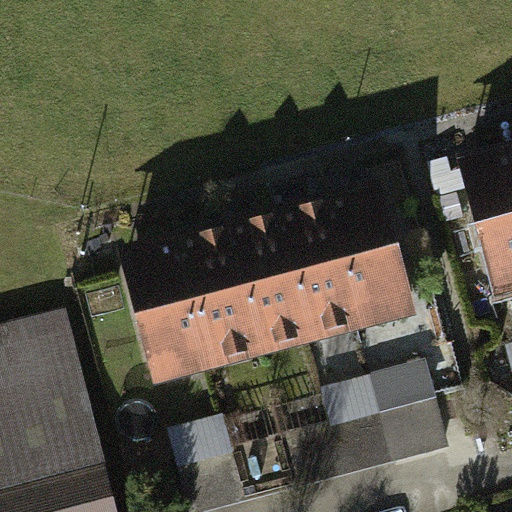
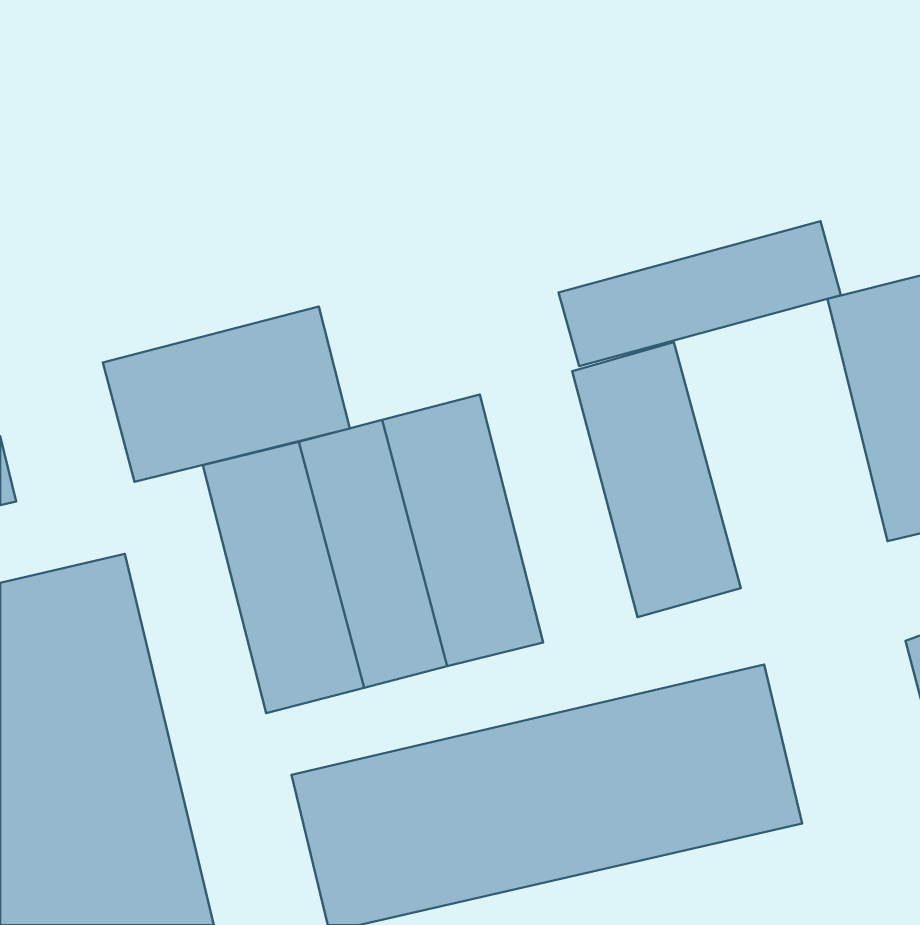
building: none -> [559,221,841,366]
building: none -> [103,306,350,482]
building: [268,205,355,355] -> none

